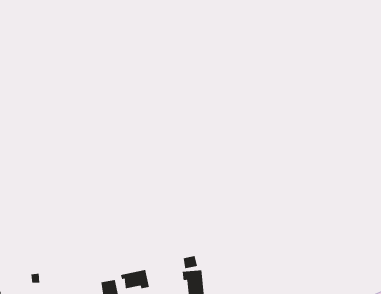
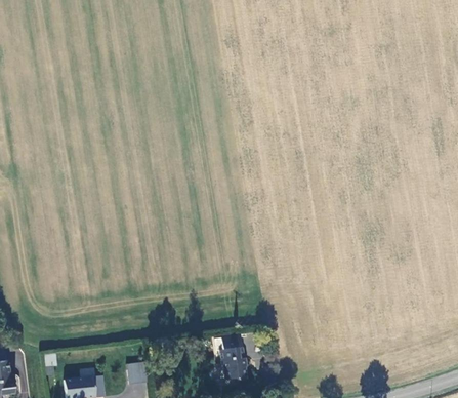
building: [120,269,149,289] -> none

